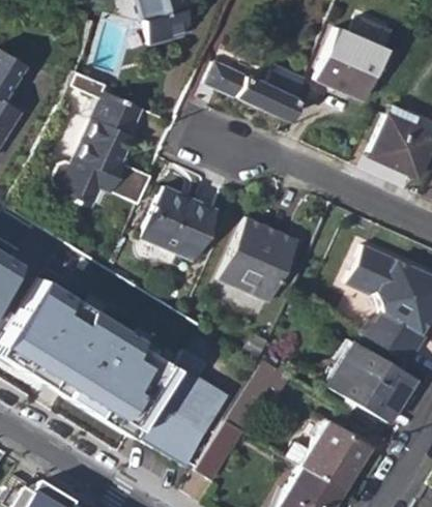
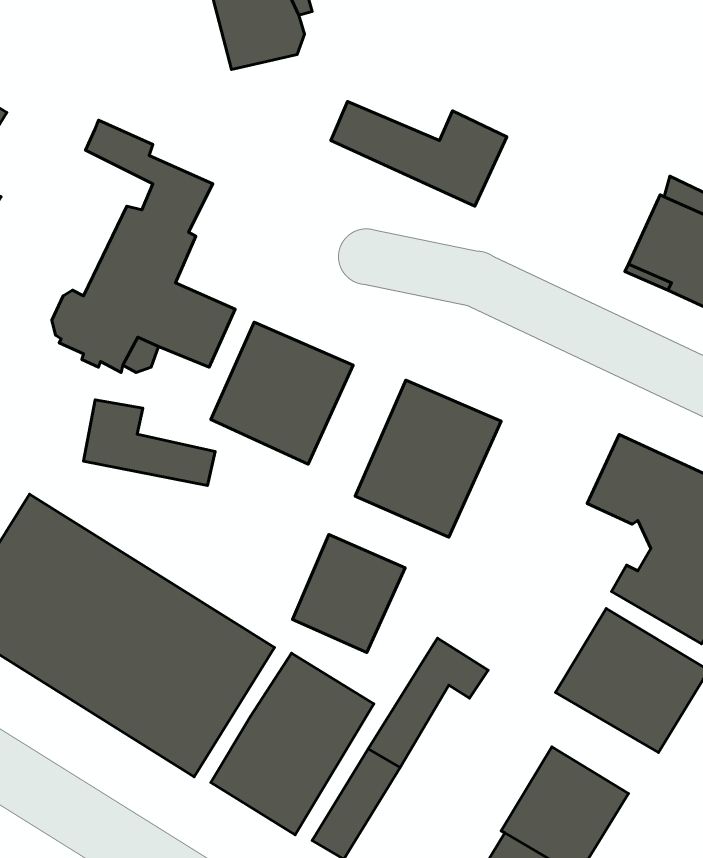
building: [315,27,391,101] -> none
building: none -> [83,400,215,486]
building: none -> [293,534,405,653]

